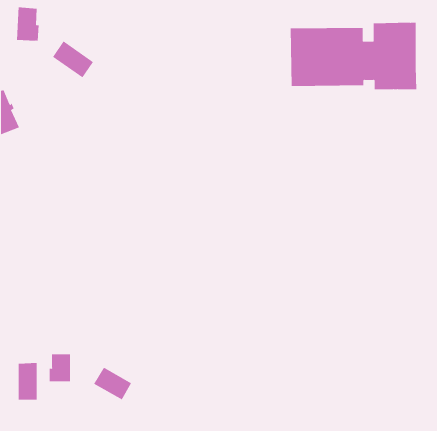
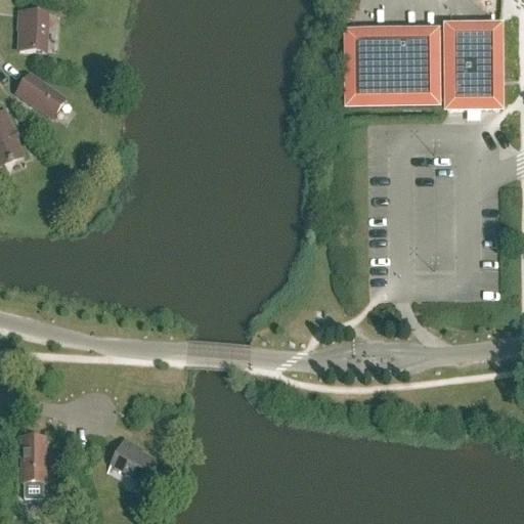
building: [52,41,94,78] -> [16,71,67,116]
building: [49,353,70,382] -> none

